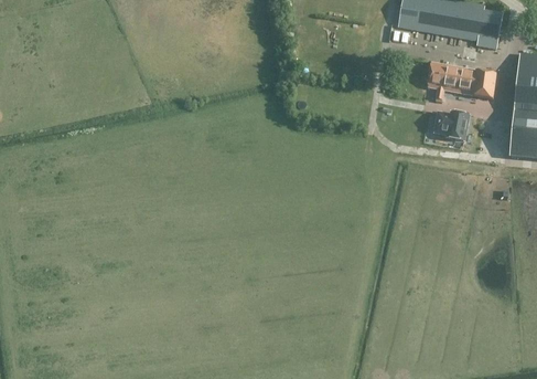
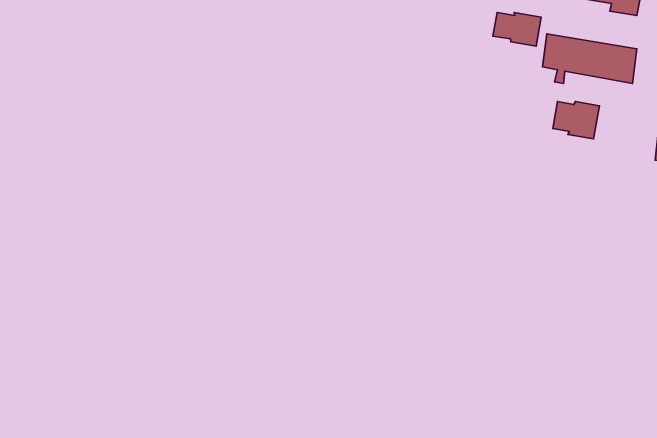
building: none -> [493,13,541,46]

